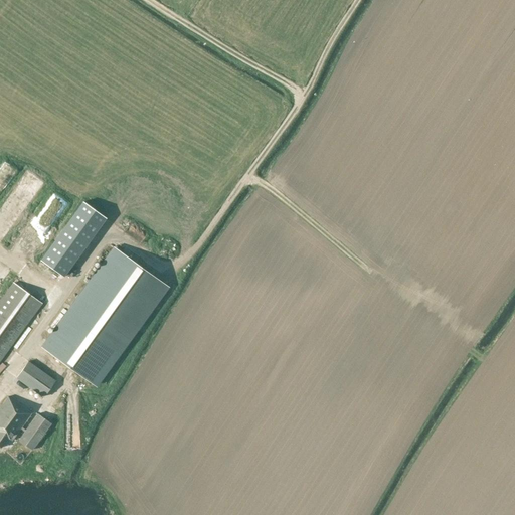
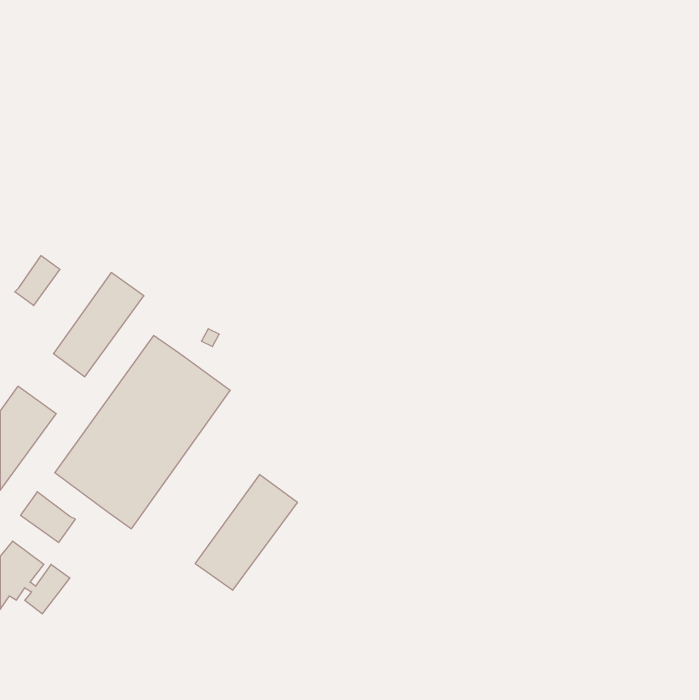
building: none -> [15,256,60,306]
building: none -> [195,474,297,590]

